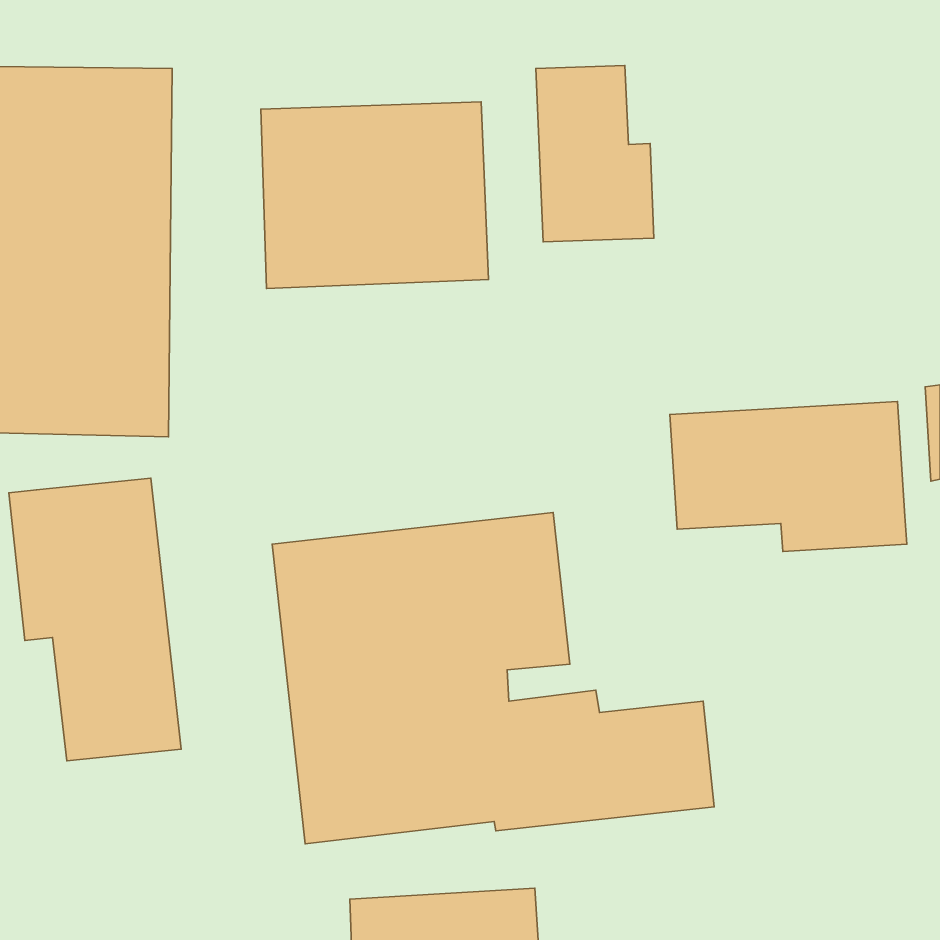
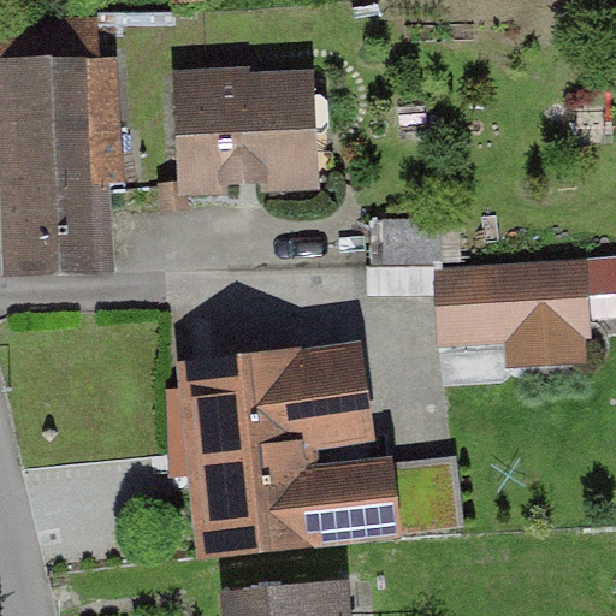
building: [536,66,654,242] -> none
building: [9,478,181,761] -> none

